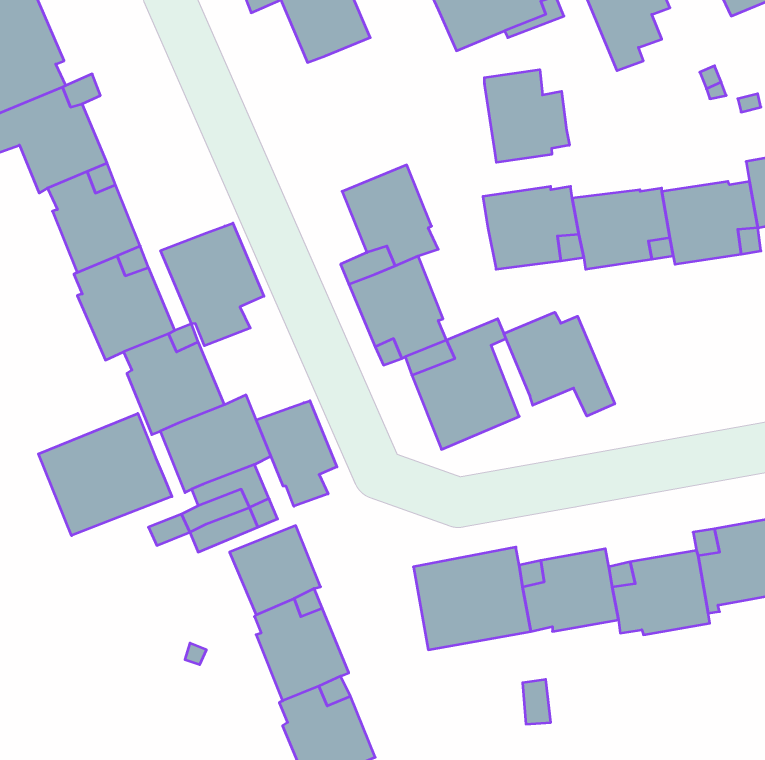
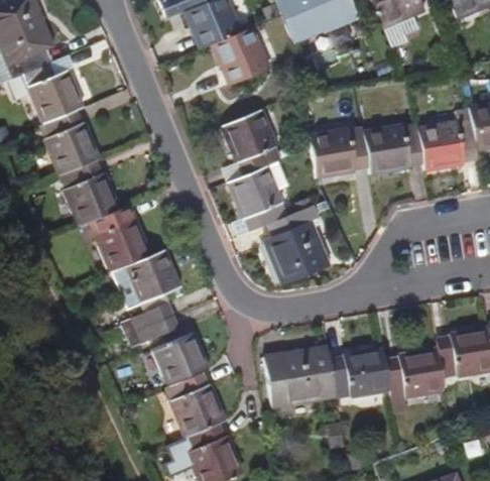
building: none -> [213,26,271,86]
building: [484,70,569,162] -> none
building: [161,223,264,346] -> none
building: [504,312,615,416] -> none
building: [256,401,337,506] -> none
building: [38,413,172,536] -> none

